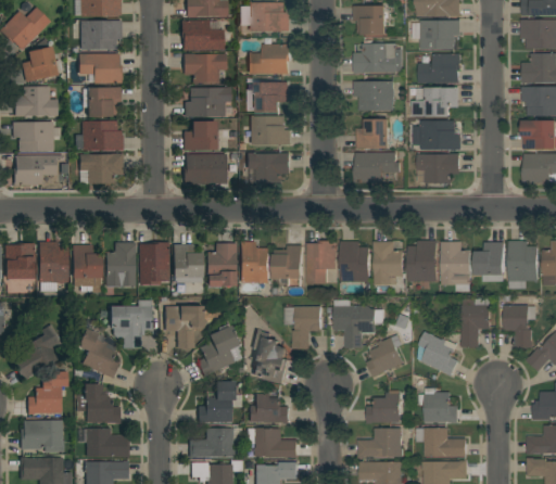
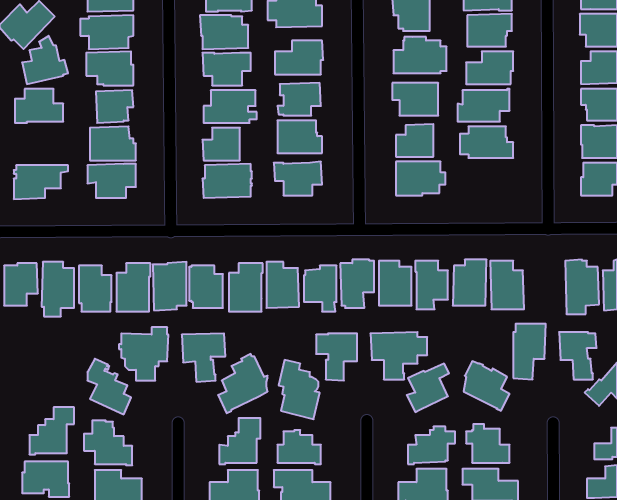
building: [12,122,53,152] -> none
building: [418,153,460,188] -> none
building: [476,242,504,282] -> none
building: [14,324,61,381] -> none

